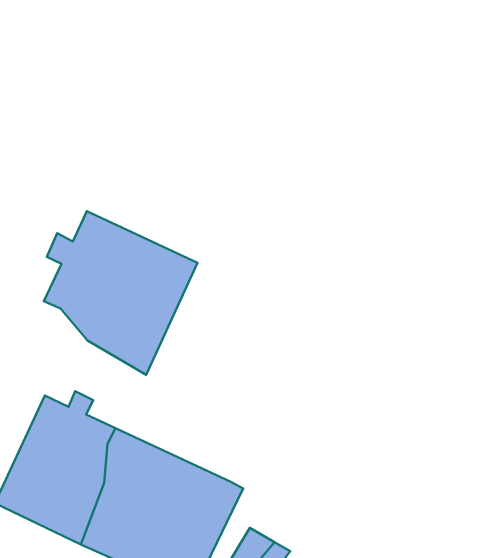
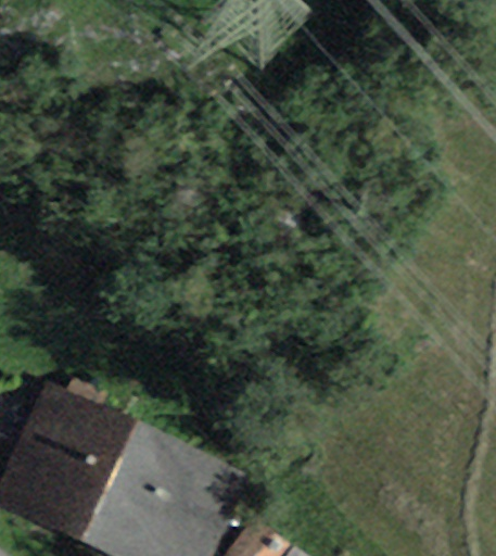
building: [44,211,198,375] -> none

